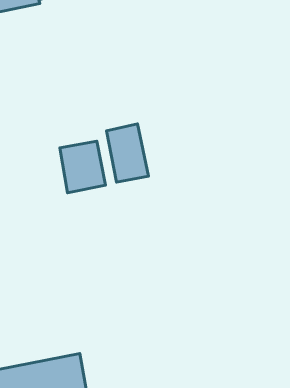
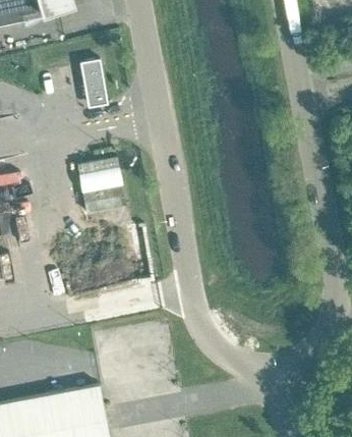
building: none -> [79,60,107,105]
building: [106,124,149,182] -> none

